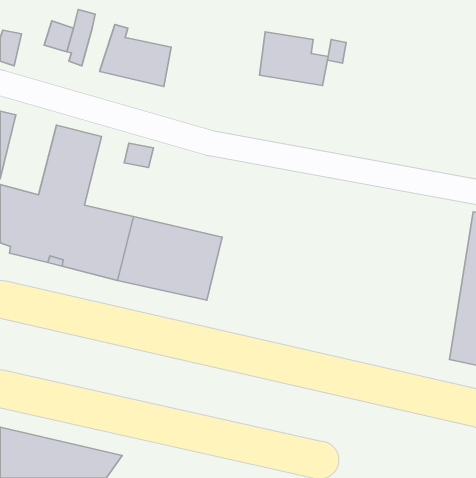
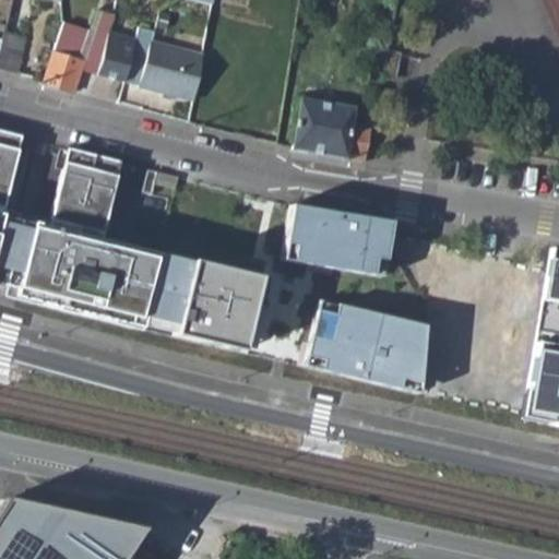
building: none -> [100,33,135,82]
building: [259,32,328,86] -> [295,97,374,159]
building: none -> [45,52,88,94]
building: none -> [285,203,394,274]
building: none -> [307,297,429,390]

